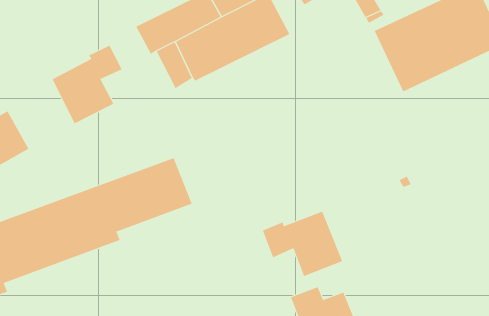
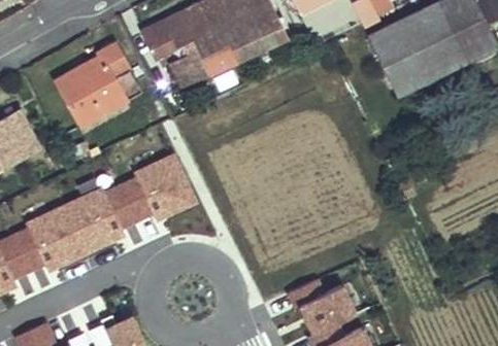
building: [262,211,343,277] -> none

